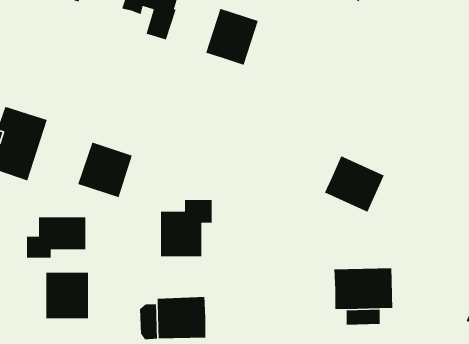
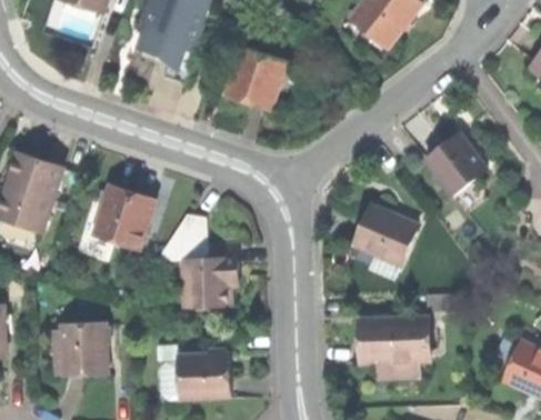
building: none -> [424,136,488,200]
building: none -> [154,219,207,262]
building: [26,217,86,258] -> none

